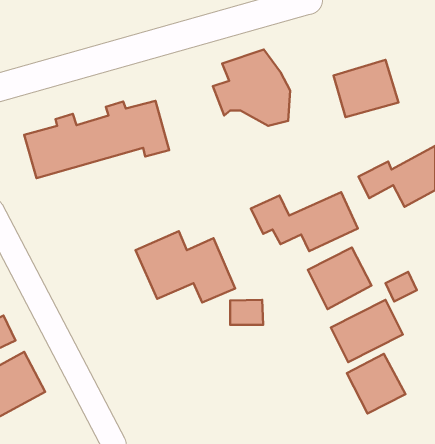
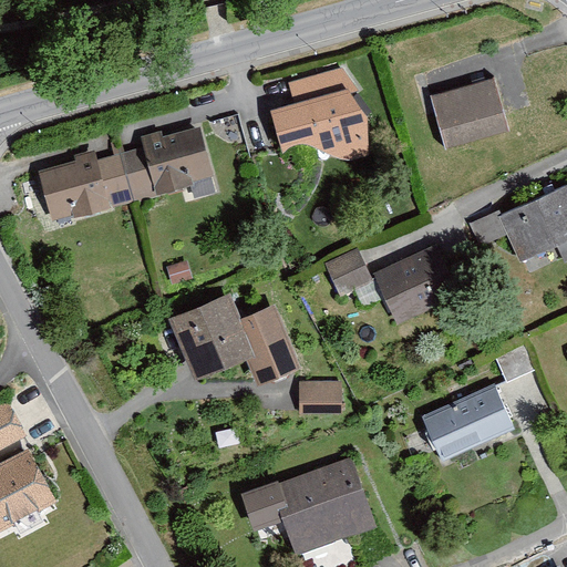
building: [308,247,372,309] -> none
building: [347,354,406,413] -> none
building: none -> [243,454,379,556]

